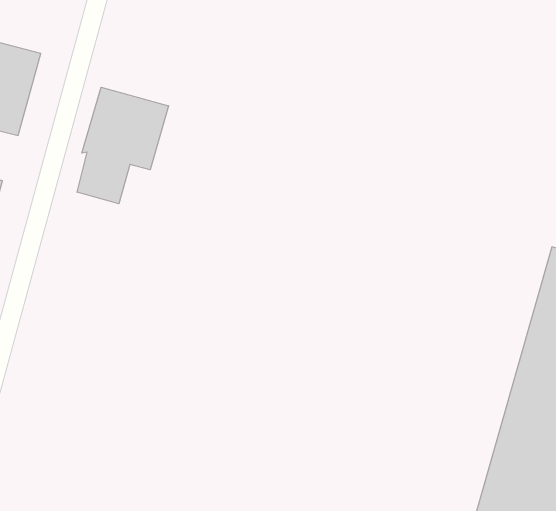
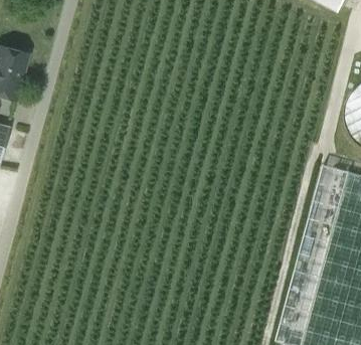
building: [77,87,169,204] -> none

